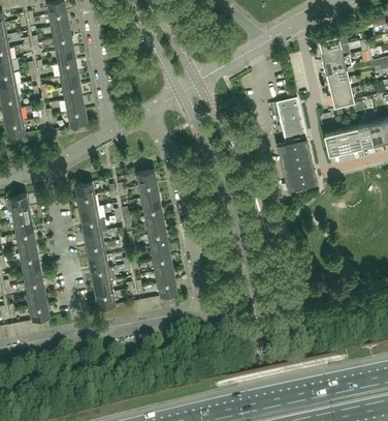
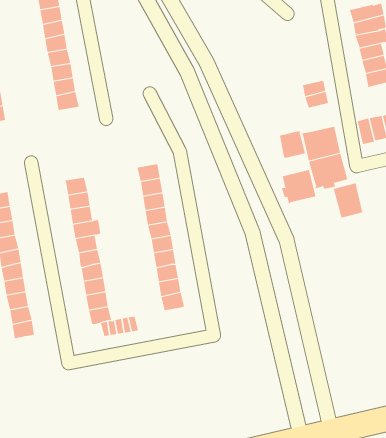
building: [283,121,305,145] -> [279,131,306,158]
building: none -> [281,169,316,205]
building: none -> [333,183,363,219]

